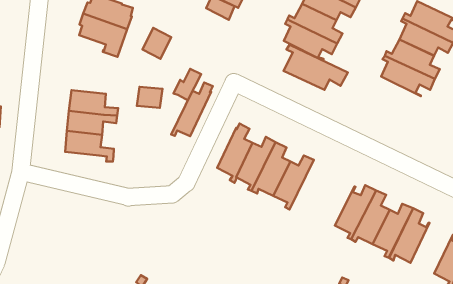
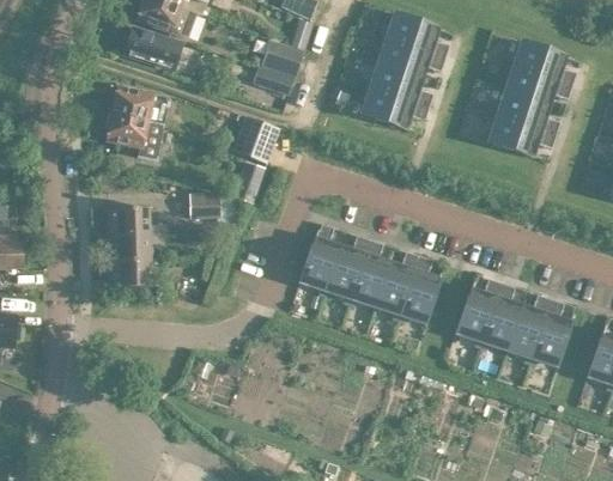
building: [143,28,171,59] -> [242,123,275,160]
building: [284,44,348,90] -> none
building: [171,83,213,136] -> none
building: none -> [396,255,441,323]

